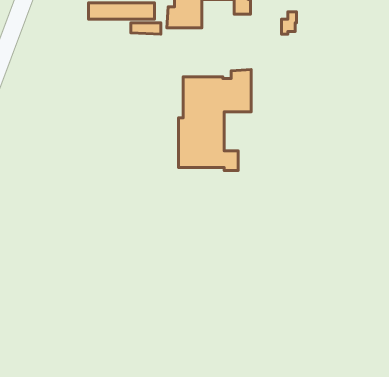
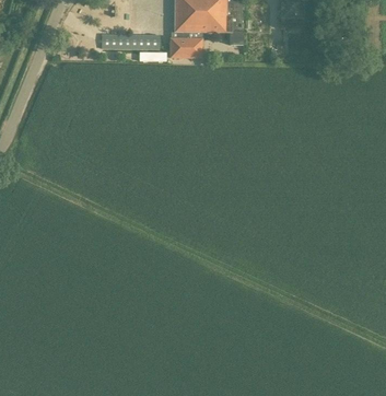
building: [178,69,251,171] -> none

